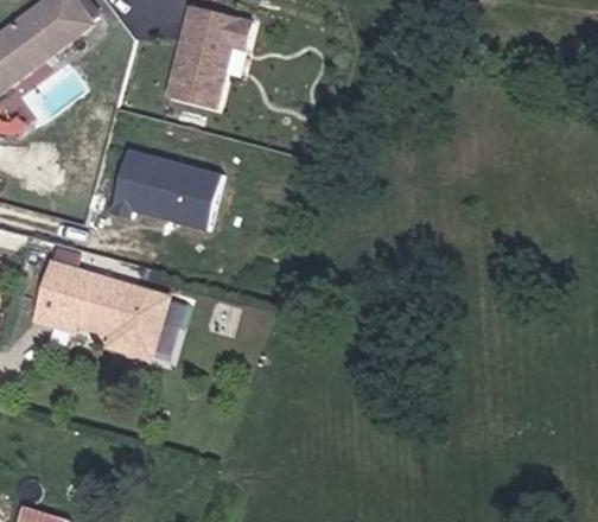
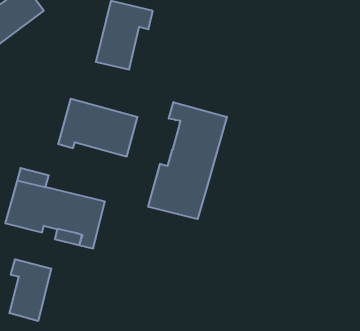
building: none -> [148,102,227,219]
building: none -> [9,259,51,321]

